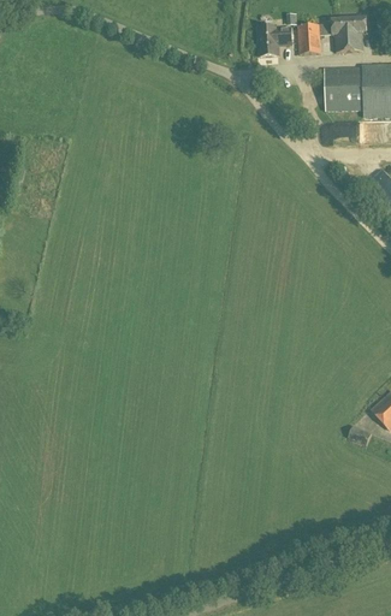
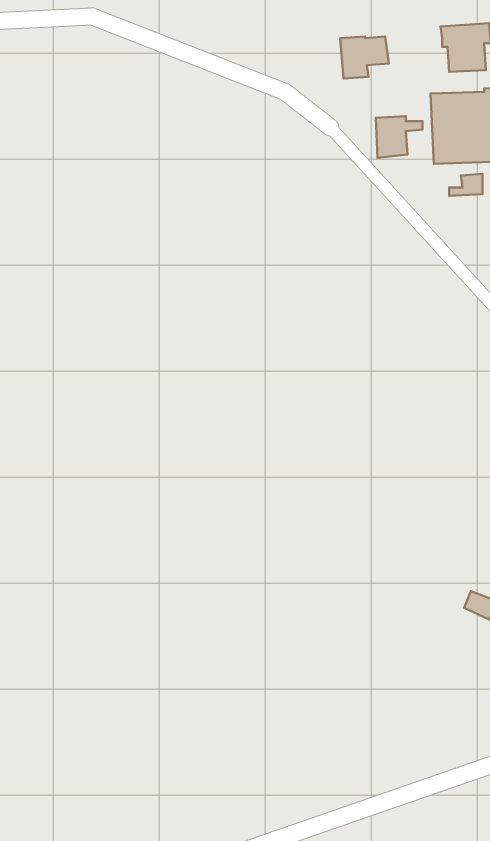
building: [297,24,331,54] -> [376,116,423,158]

